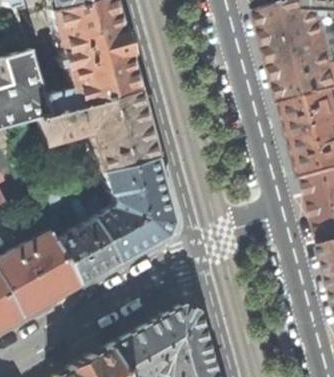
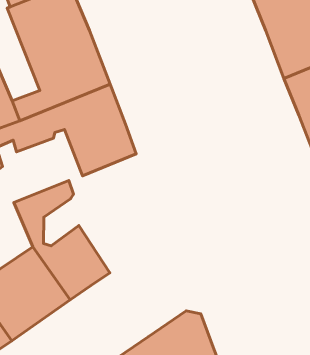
building: [91,160,169,266] -> none

